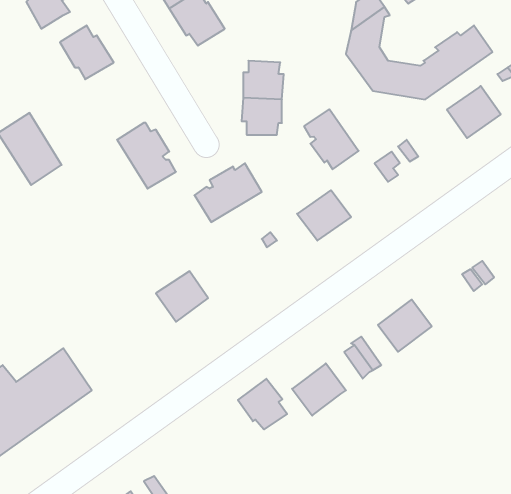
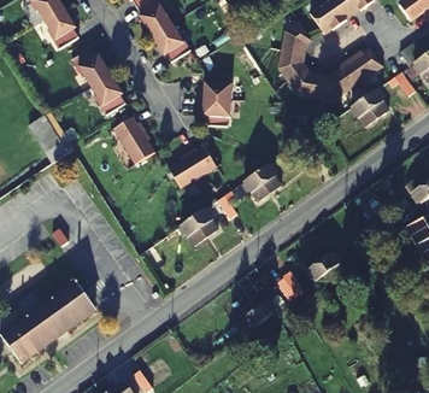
building: none -> [90,75,125,117]
building: [304,109,359,169] -> none
building: [156,271,208,322] -> [180,211,217,247]
building: [238,379,287,429] -> none

